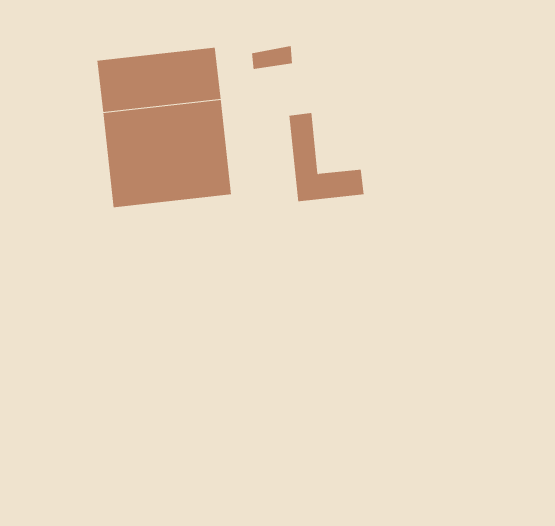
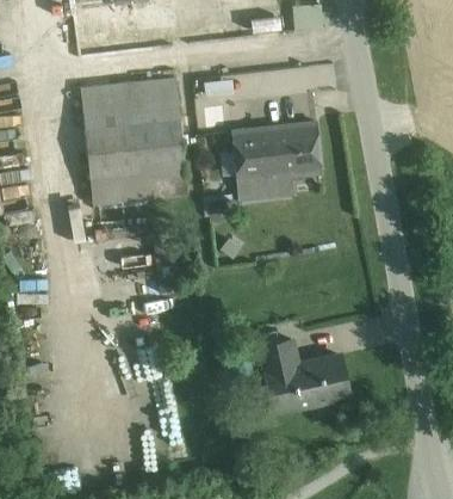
building: none -> [252,123,319,178]
building: none -> [259,339,347,407]

